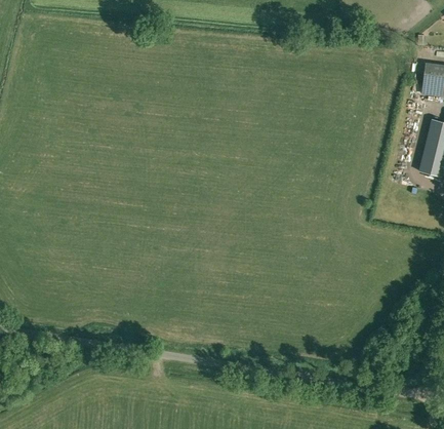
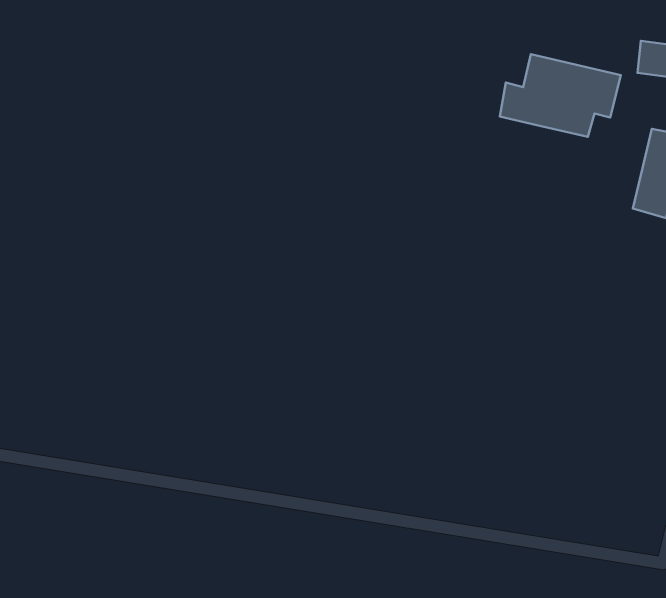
building: none -> [500,54,621,137]

